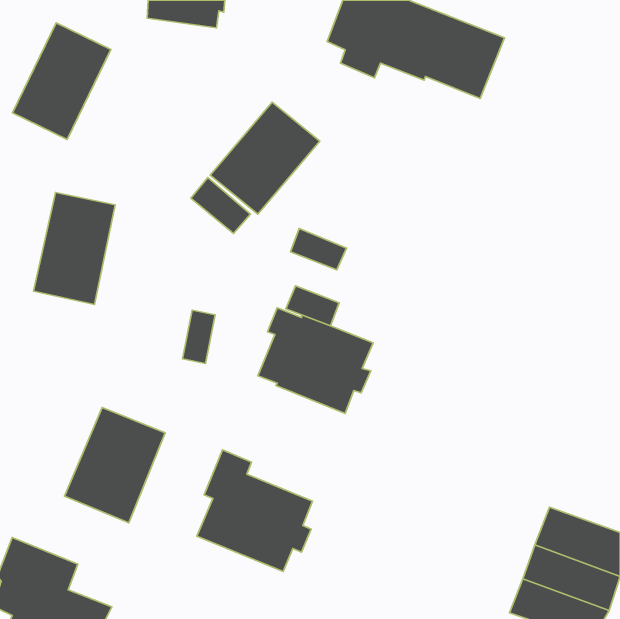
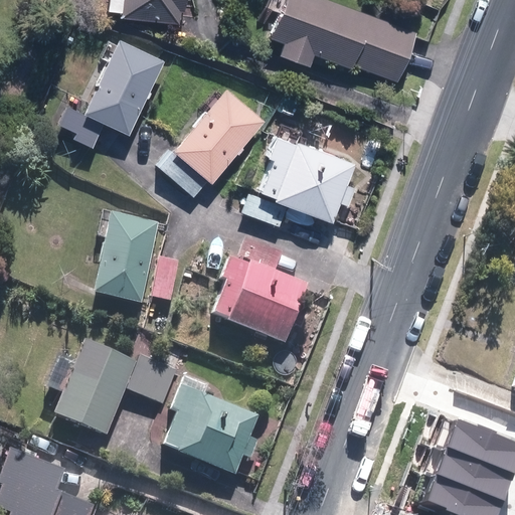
building: [12,23,111,139] -> [82,36,164,133]
building: none -> [260,133,355,219]
building: [34,193,115,304] -> [92,212,159,305]
building: none -> [127,356,175,404]

